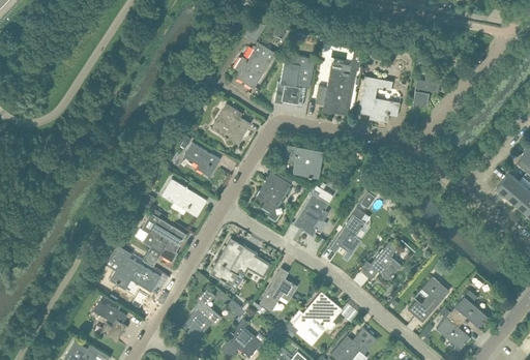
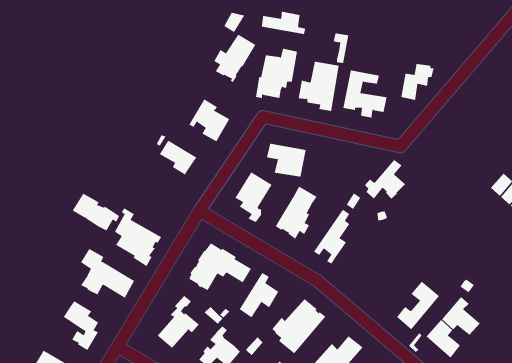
building: none -> [261,11,306,35]
building: [160,179,206,215] -> [72,193,120,231]
building: [361,242,401,280] -> [364,159,406,200]

